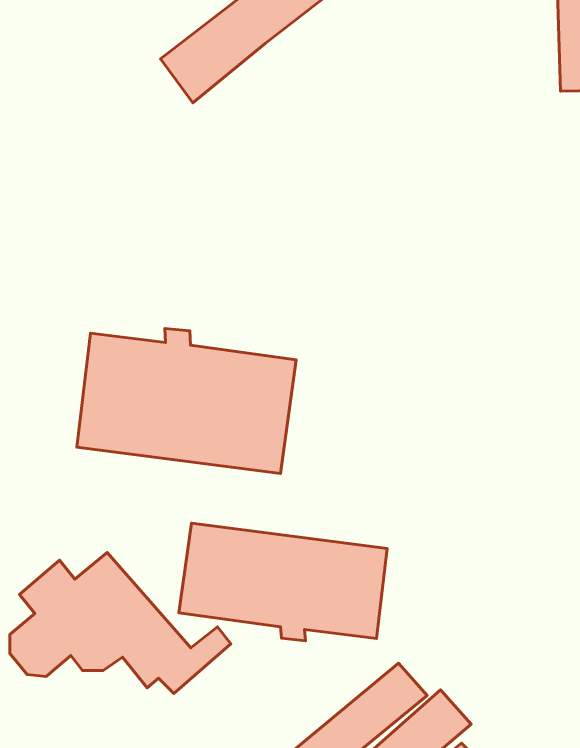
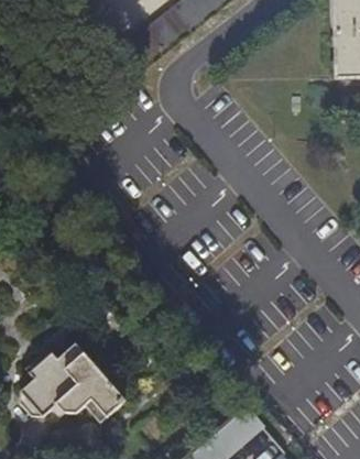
building: [77,328,296,474] -> none
building: [179,523,387,641] -> none

